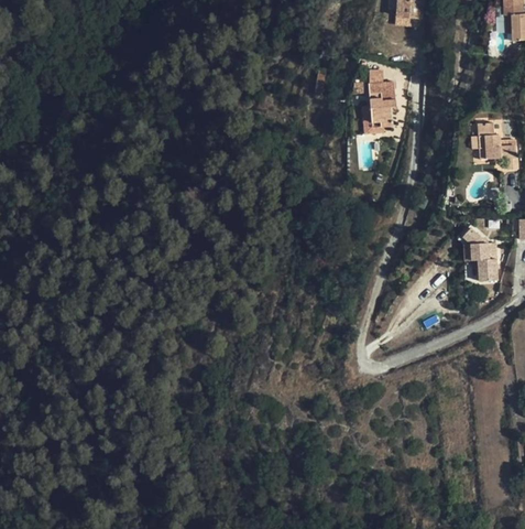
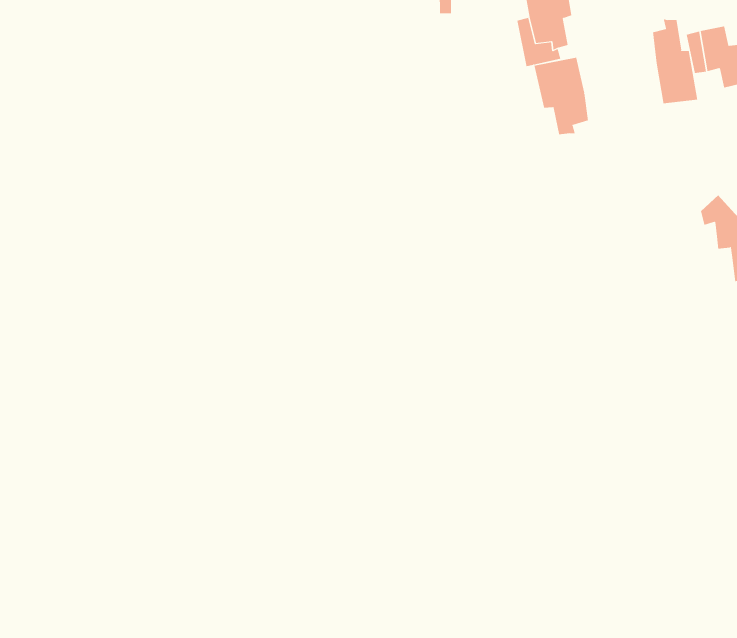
building: none -> [653,18,698,104]
building: none -> [534,57,589,135]

